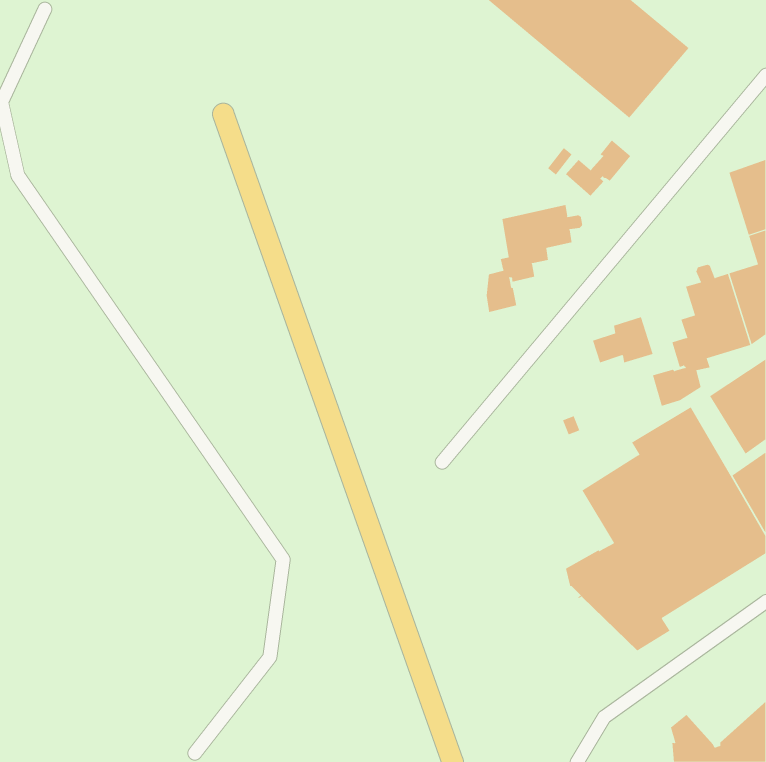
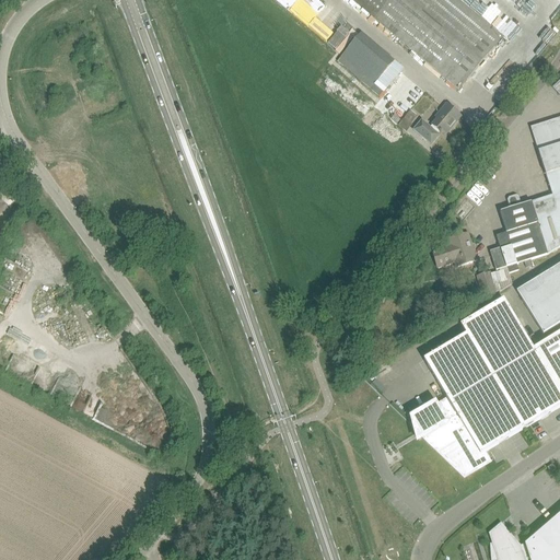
building: none -> [337,31,404,90]
building: [486,204,583,313] -> none

